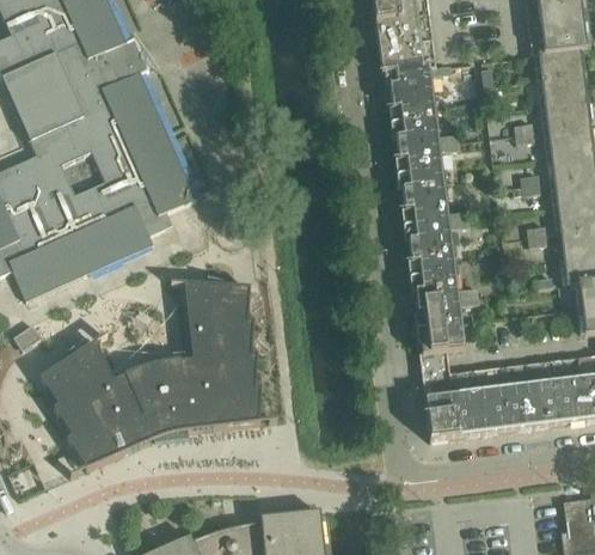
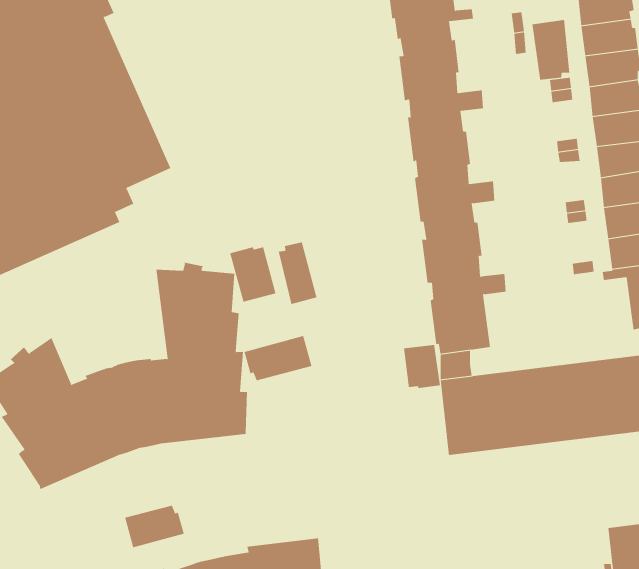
building: none -> [532,19,570,81]
building: none -> [278,242,317,305]
building: none -> [229,246,276,303]
building: none -> [244,335,312,381]
building: none -> [403,344,440,389]
building: none -> [124,505,184,548]

